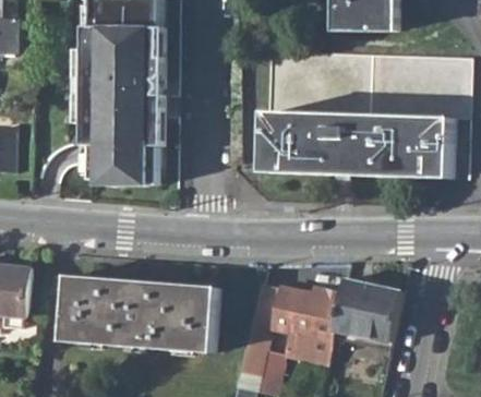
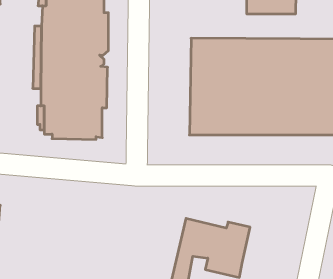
building: [64,276,220,352] -> none
building: [332,277,404,339] -> none

